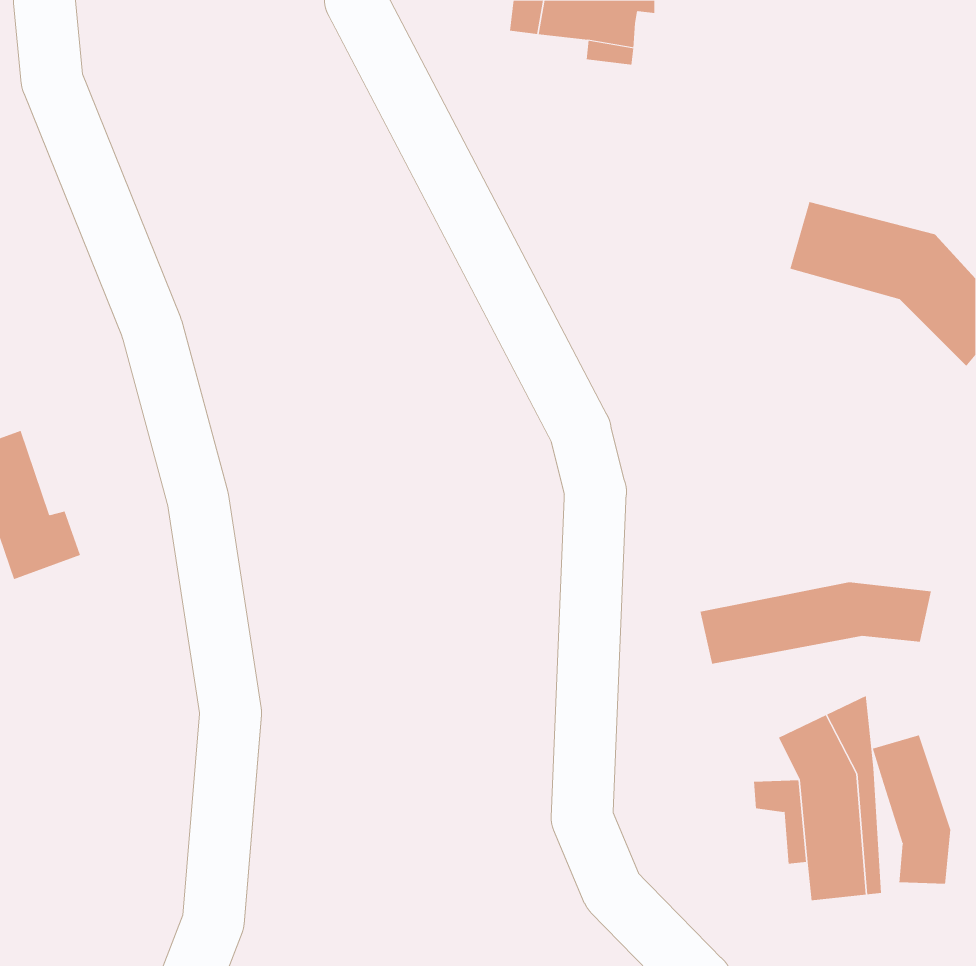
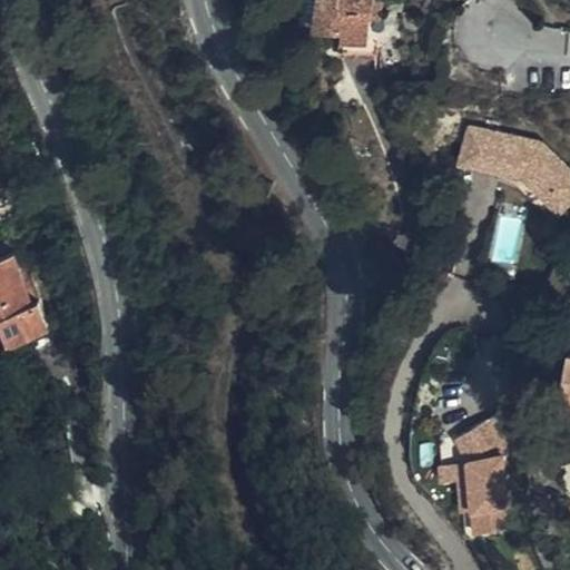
building: [700,582,932,664] -> none
building: [872,734,951,885] -> none

